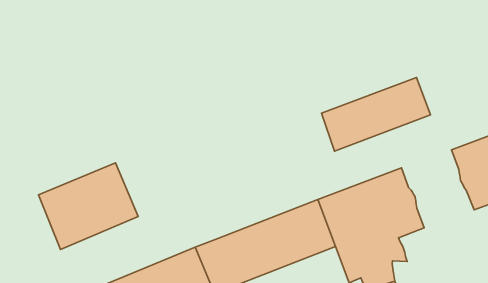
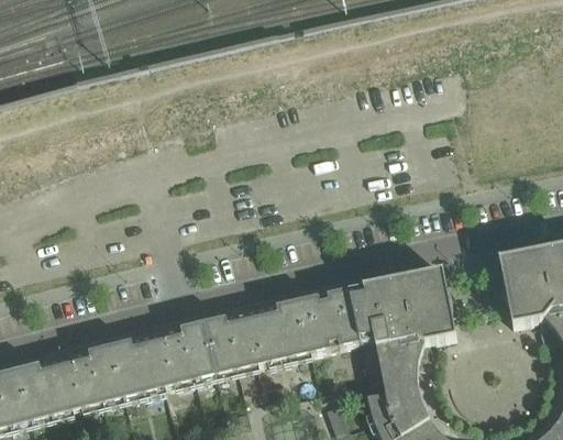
building: [322,78,430,151] -> none
building: [39,163,138,249] -> none

